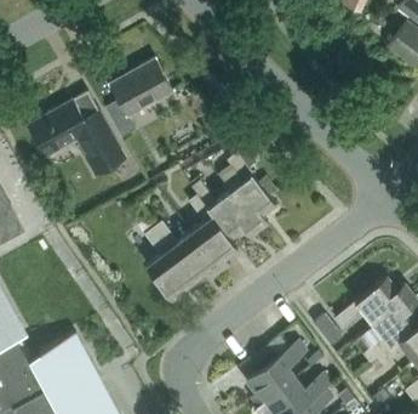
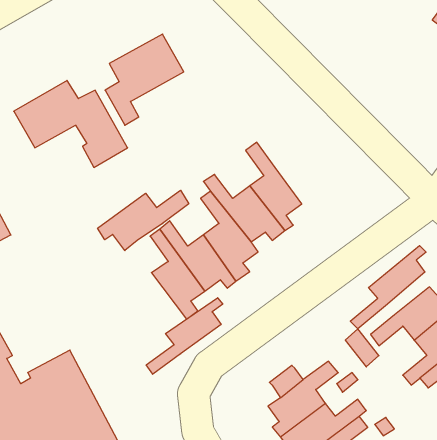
building: none -> [98,190,189,251]
building: none -> [350,246,426,329]
building: none -> [146,298,223,374]

